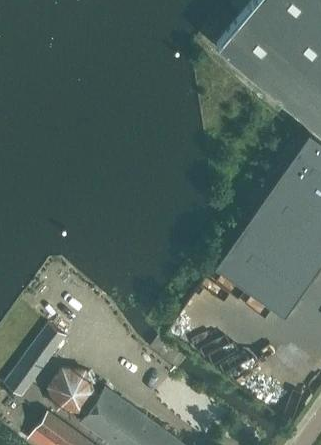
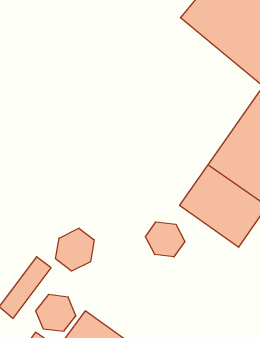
building: none -> [145,222,185,257]
building: none -> [56,228,94,271]

